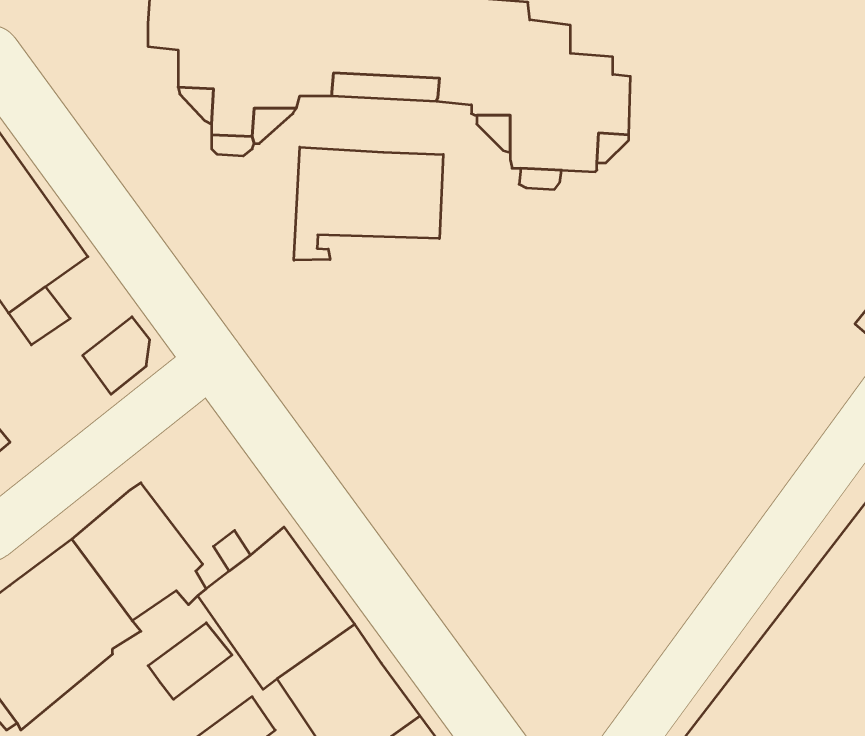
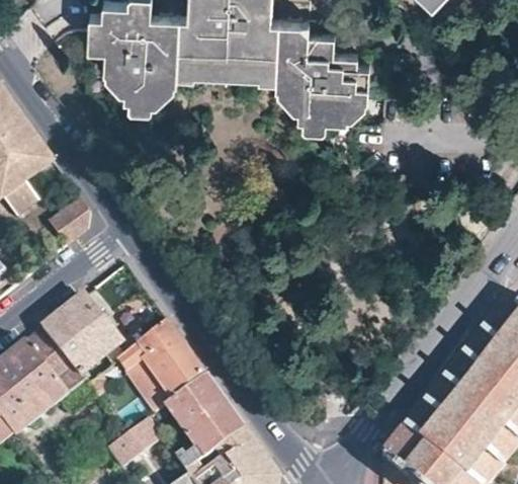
building: [294,147,443,260] -> none
building: [148,623,232,699] -> none

